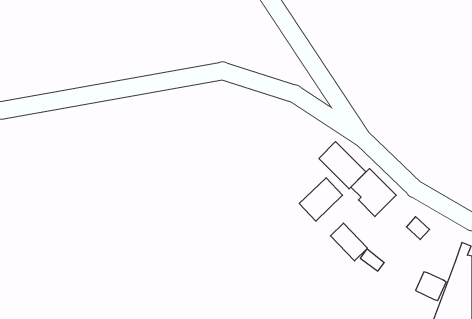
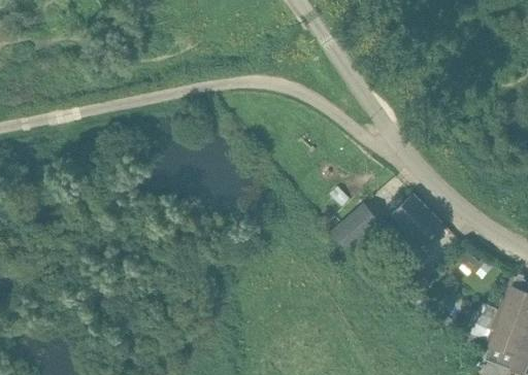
building: [319,142,366,189] -> none
building: [330,223,367,261] -> none

